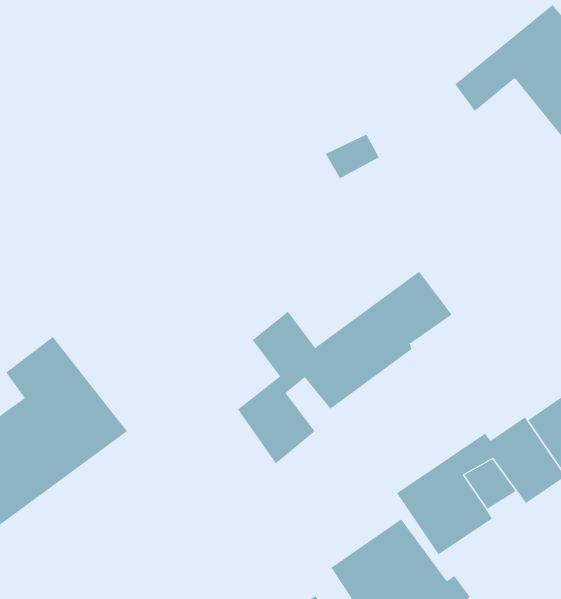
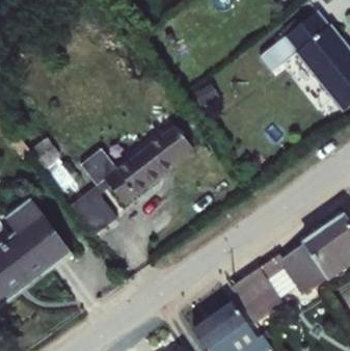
building: [237,271,452,464] -> [72,125,194,235]

